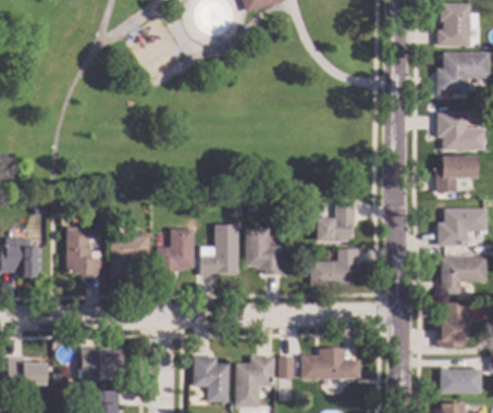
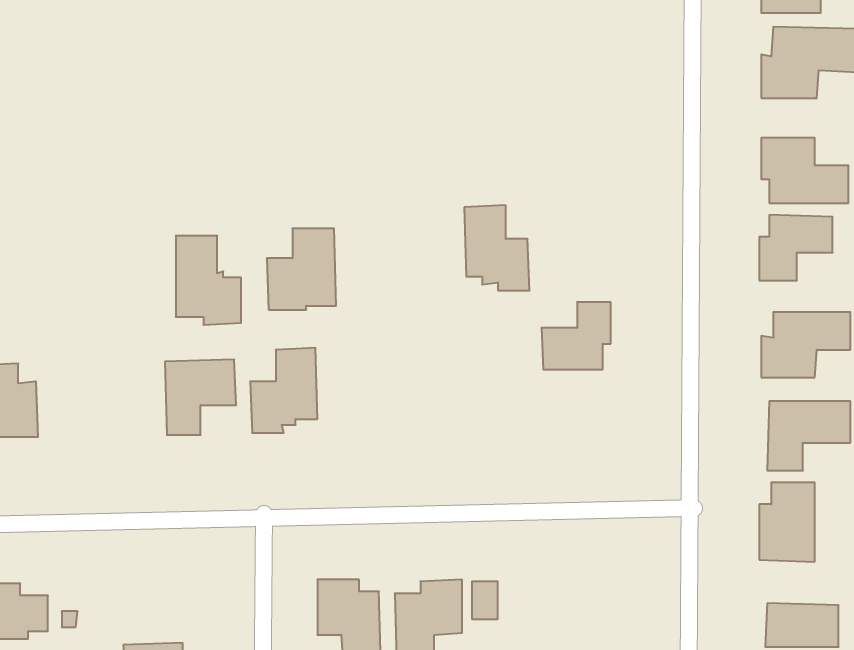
building: [65,227,101,276] -> [176,236,241,325]
building: [246,227,282,274] -> [464,205,530,290]
building: [200,230,238,275] -> [267,228,336,310]
building: [310,248,358,285] -> none
building: [82,347,122,379] -> none
building: [300,348,359,386] -> none

